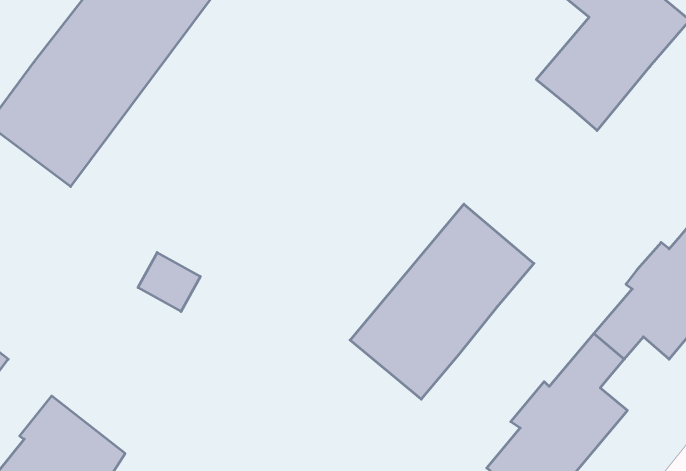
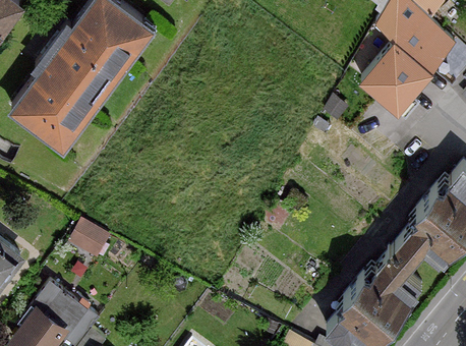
building: [350,204,534,399] -> none
building: [138,252,200,312] -> [69,222,109,260]

